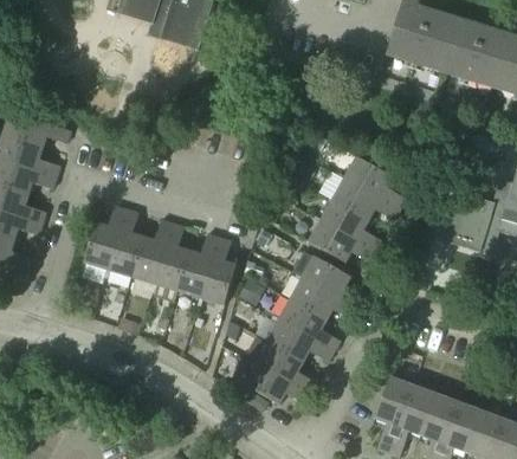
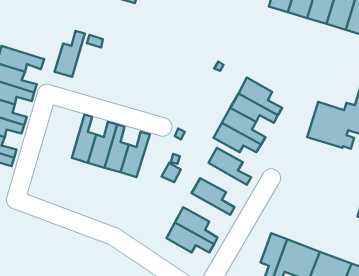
building: [85,203,128,269] -> [55,31,85,77]
building: [201,235,238,303] -> none
building: [291,276,357,318] -> none
building: [267,318,334,360] -> none

